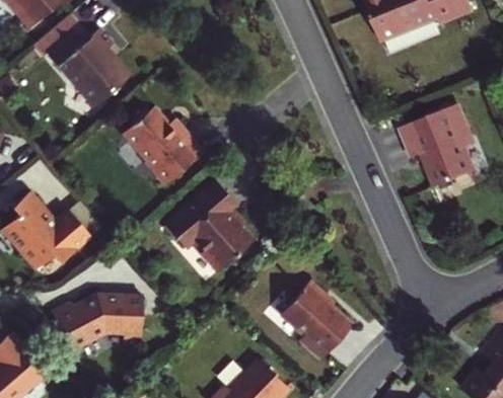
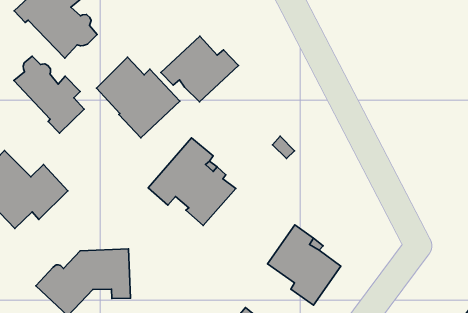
building: none -> [161,36,238,102]
building: none -> [14,56,84,133]
building: [401,103,472,182] -> none

